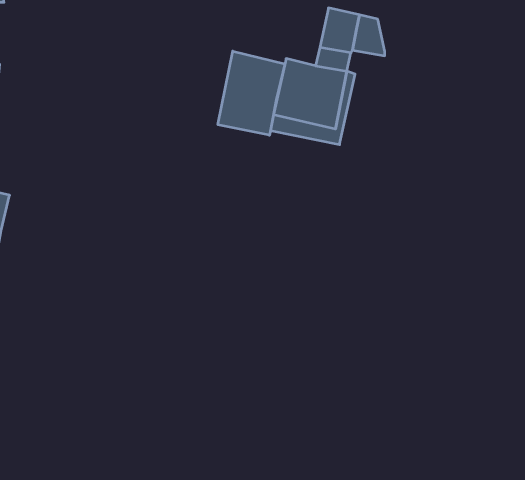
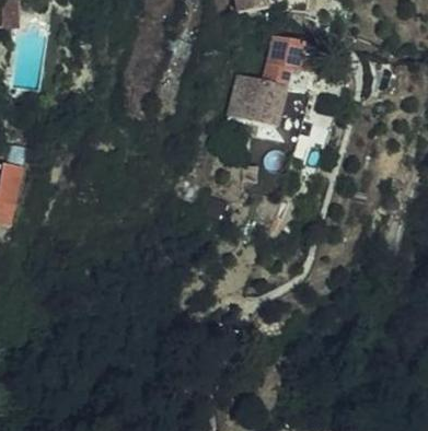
building: [218,51,285,135] -> none

